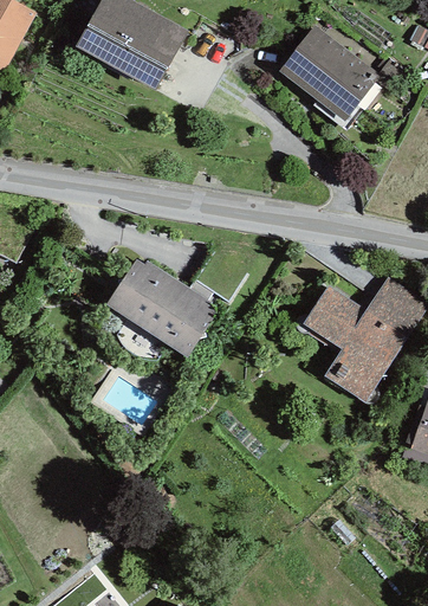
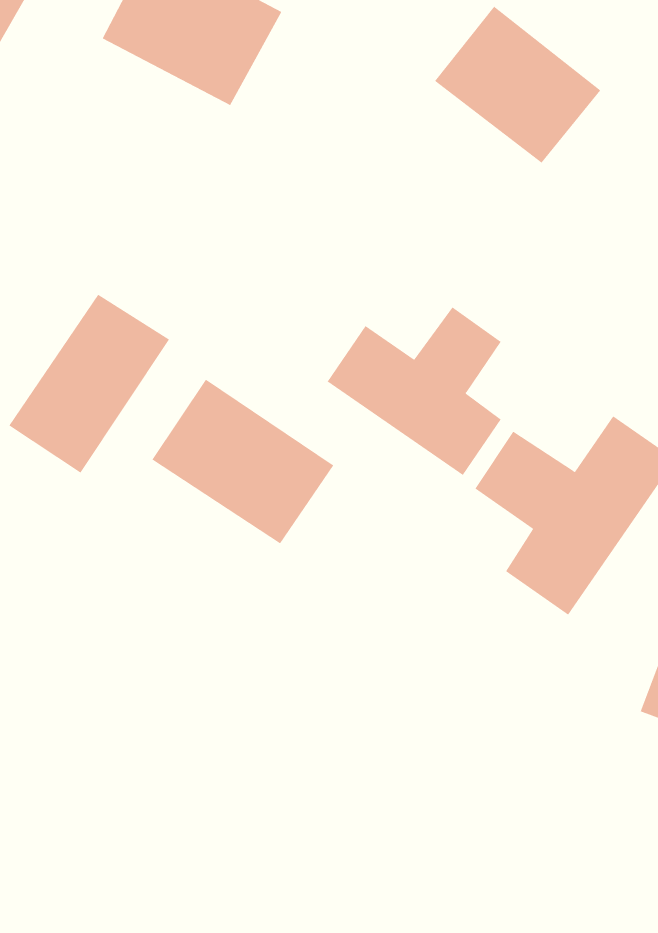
building: none -> [8,294,170,473]
building: none -> [327,306,502,476]

